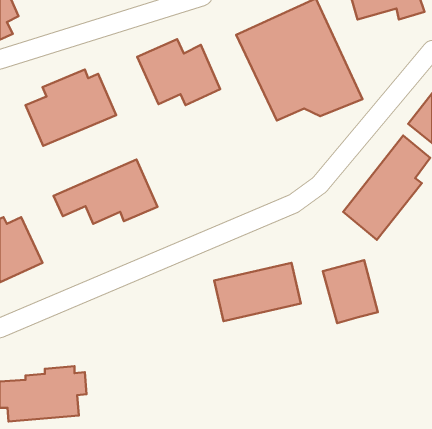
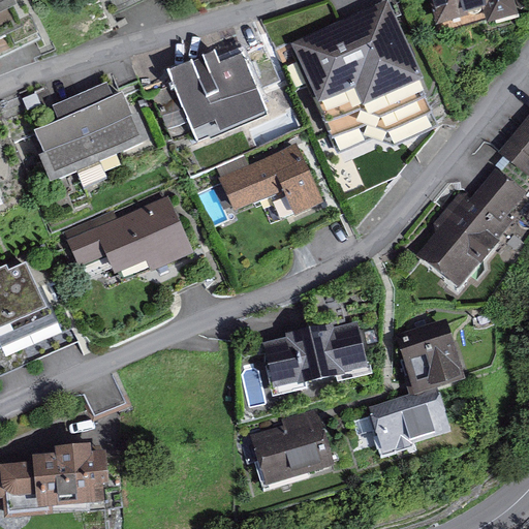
building: none -> [217,139,321,214]
building: none -> [369,386,450,454]
building: none -> [248,406,333,488]

